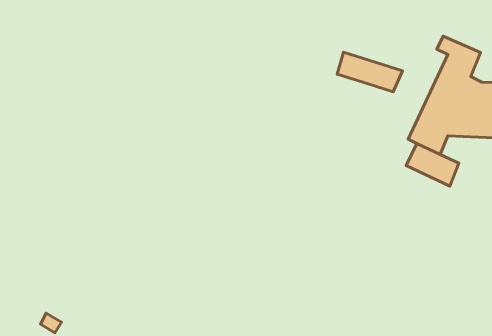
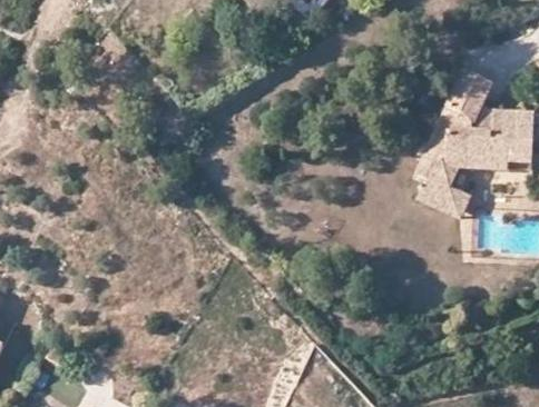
building: [337,52,402,92] -> none

